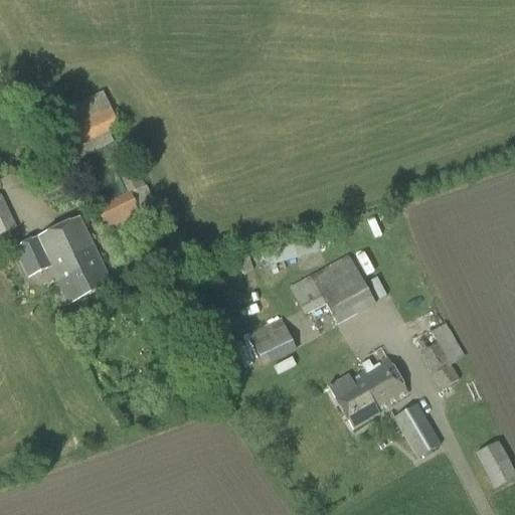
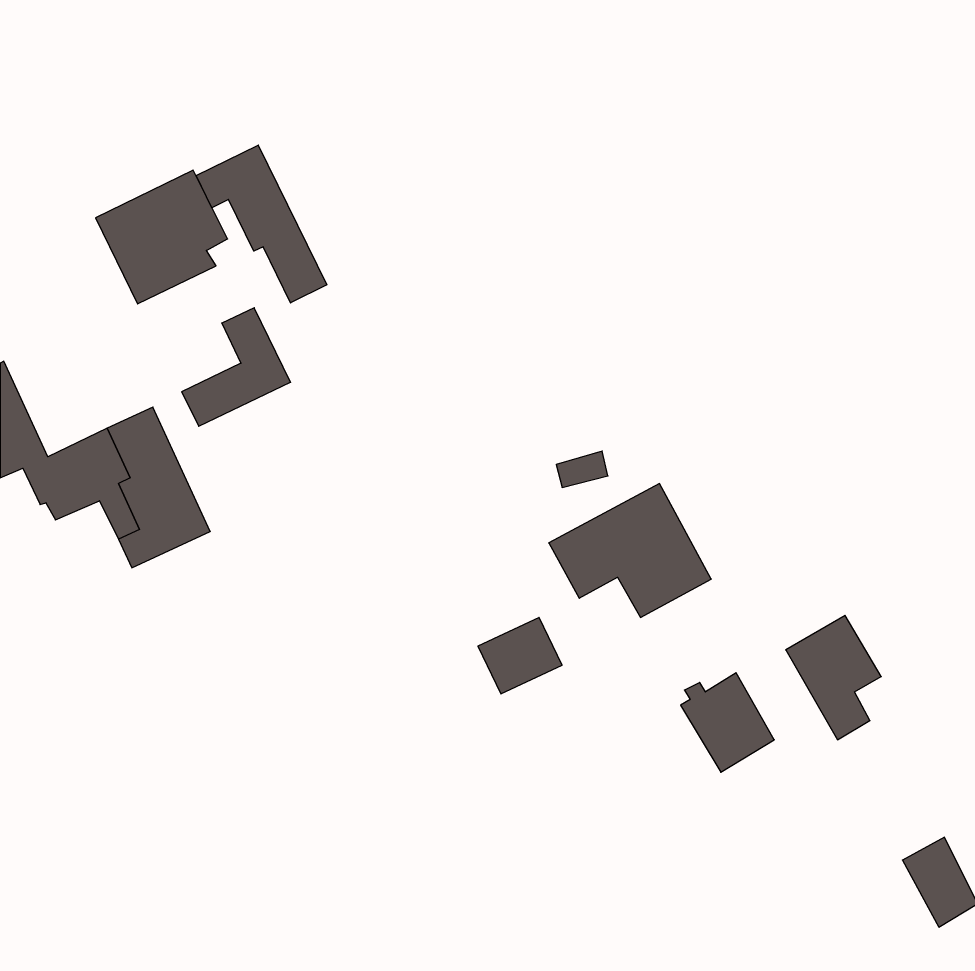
building: none -> [196,145,327,303]
building: [331,371,381,424] -> none
building: [393,403,442,459] -> none

